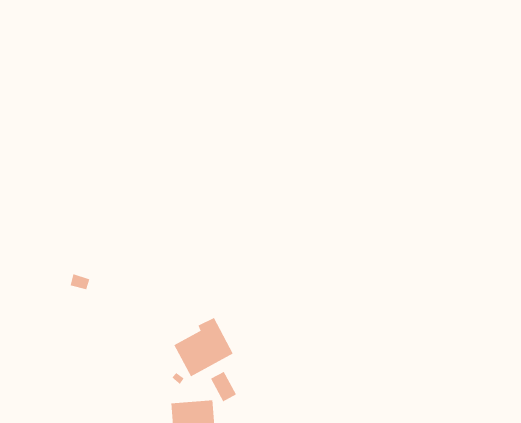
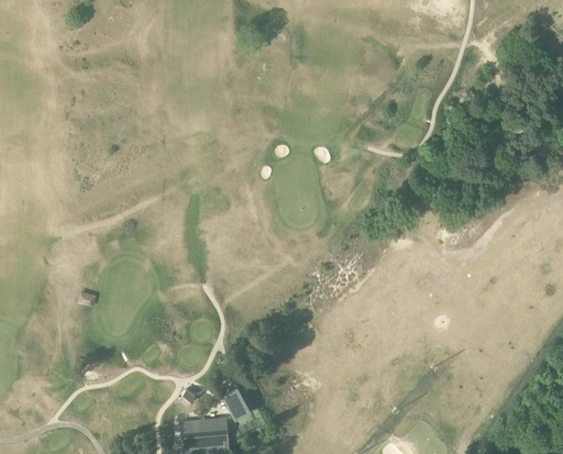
building: [173,317,233,377] -> none

